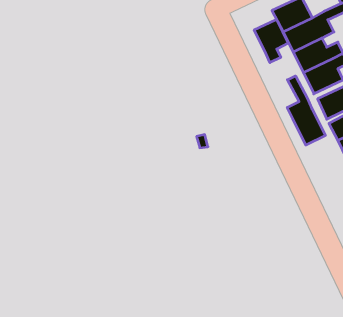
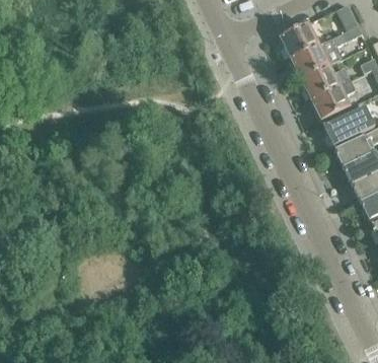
building: [254,19,288,63] -> none
building: [287,76,325,145] -> none

